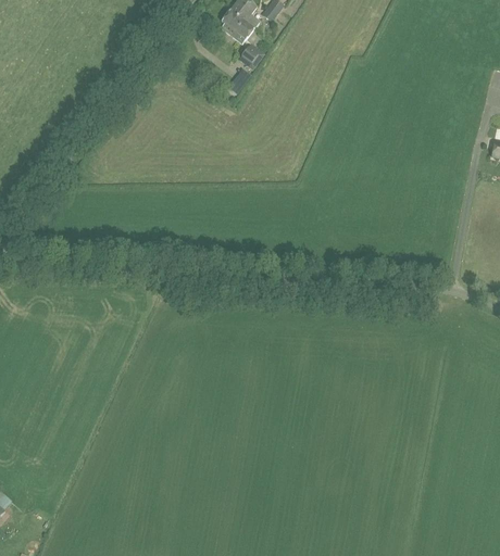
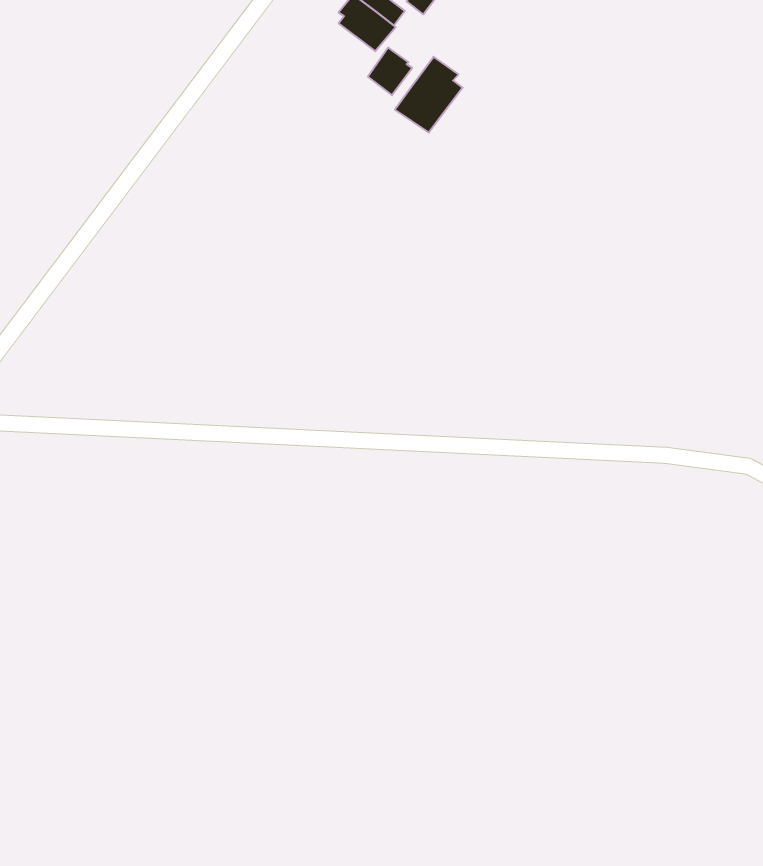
building: none -> [395,57,463,133]

